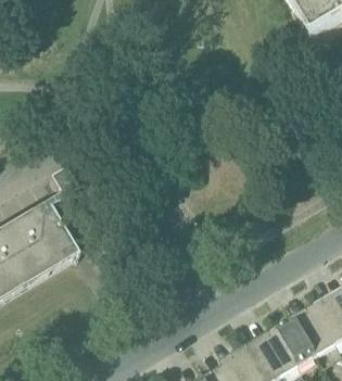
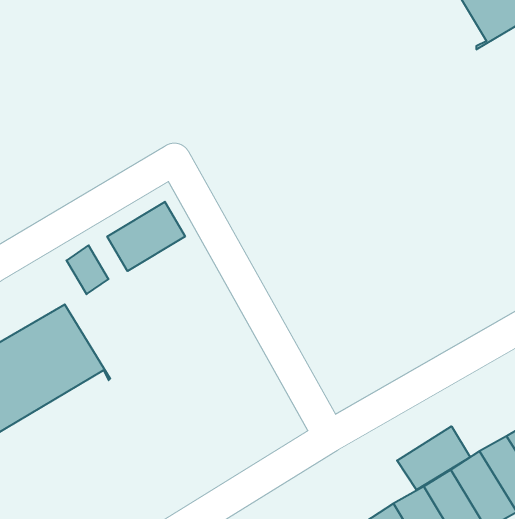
building: none -> [107,202,185,271]
building: none -> [397,426,470,490]

